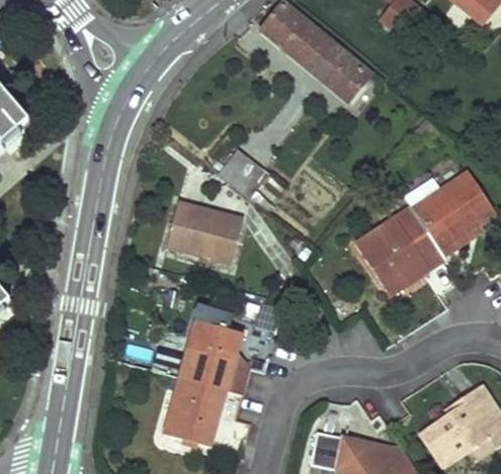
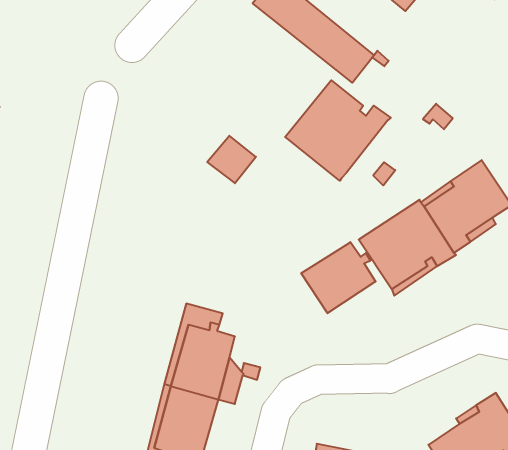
building: none -> [285,80,391,181]
building: [166,200,244,262] -> none
building: none -> [301,242,376,313]

